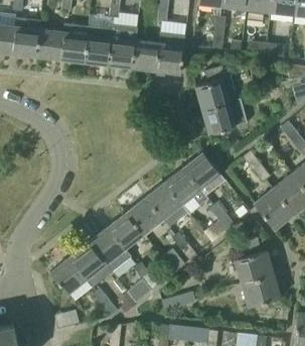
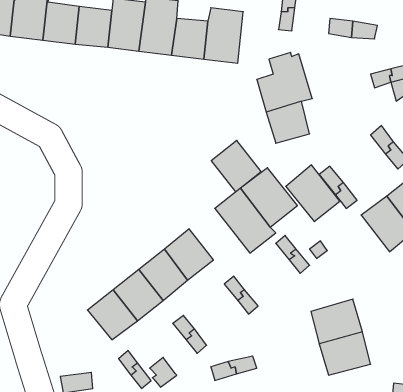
building: [145,183,182,221] -> [211,140,261,192]
building: [254,188,294,230] -> [286,165,340,222]
building: [49,258,88,297] -> none

